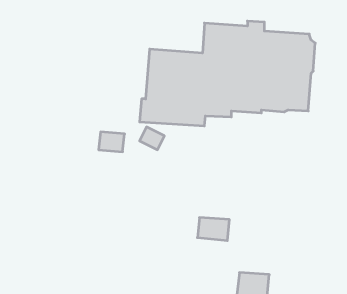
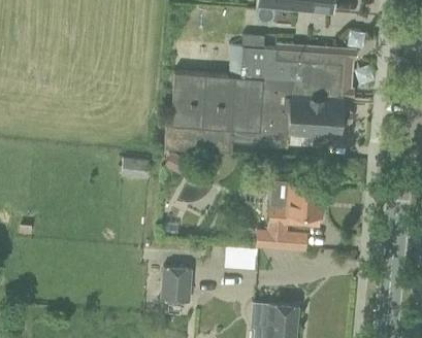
building: none -> [257,180,324,249]
building: none -> [161,269,193,303]

